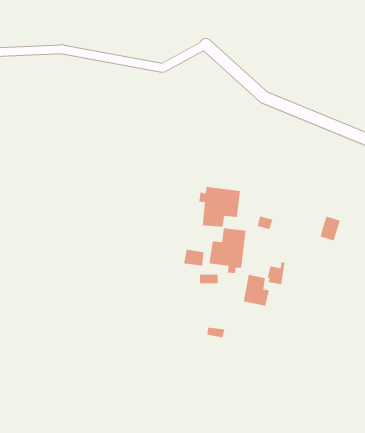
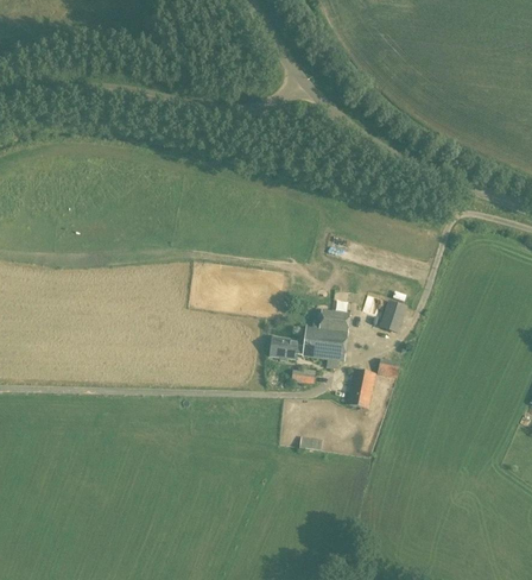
building: [198,186,241,228] -> none
building: [319,215,341,241] -> [379,300,406,333]

